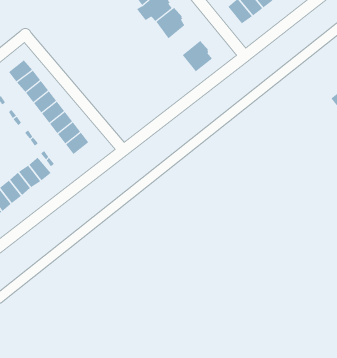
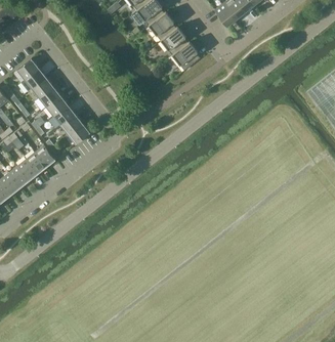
building: none -> [161,26,189,51]

